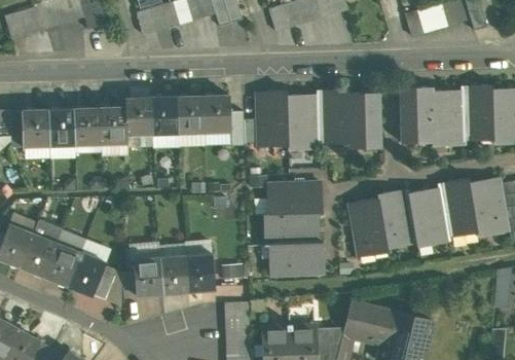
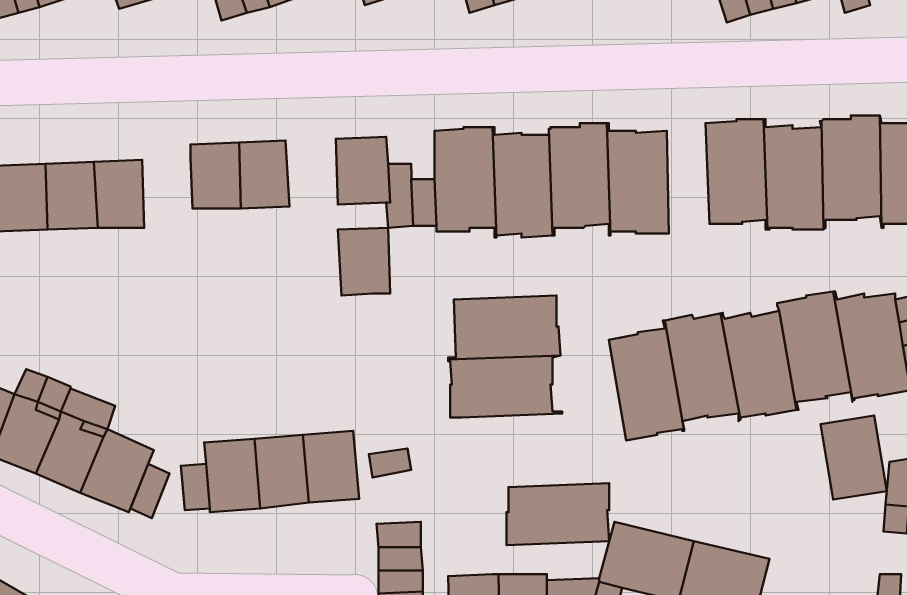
building: [177,98,205,134] -> [338,228,390,295]
building: [101,108,128,145] -> none
building: [269,244,324,277] -> [507,483,609,545]
building: none -> [820,416,887,500]

